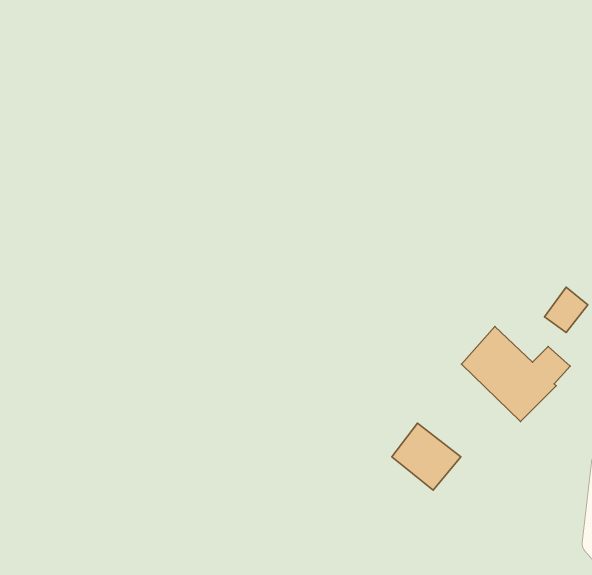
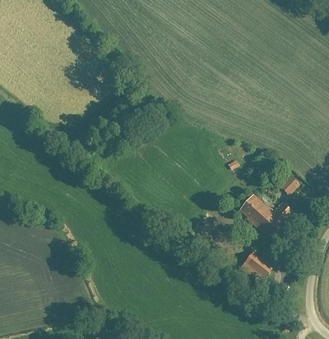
building: [392,423,461,490] -> [241,251,276,285]

